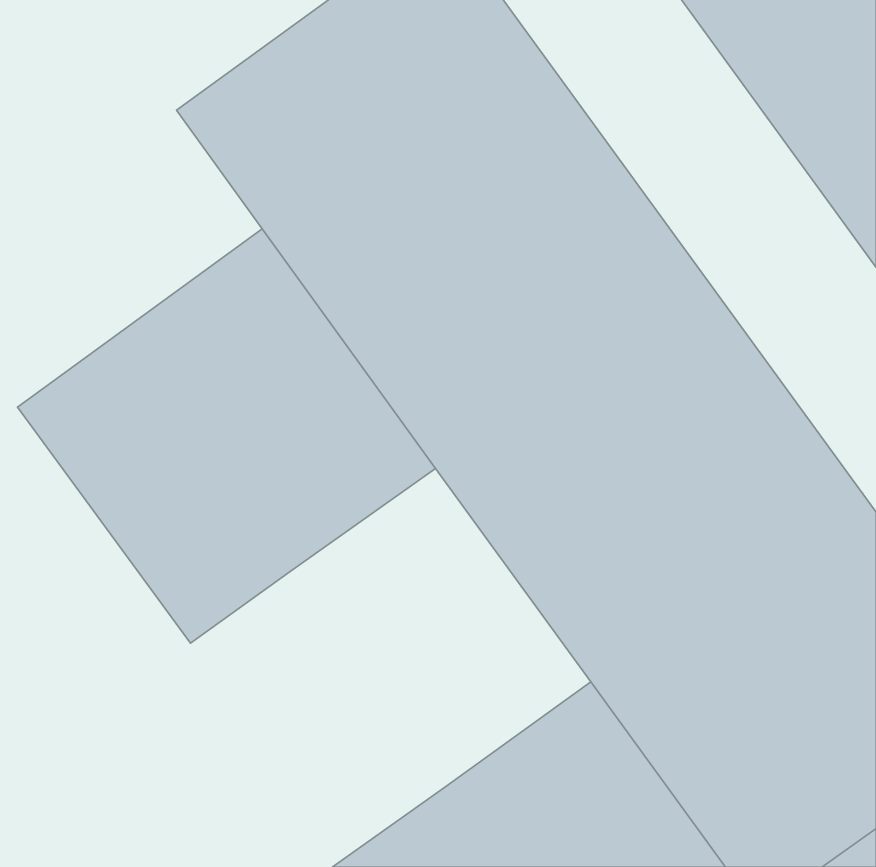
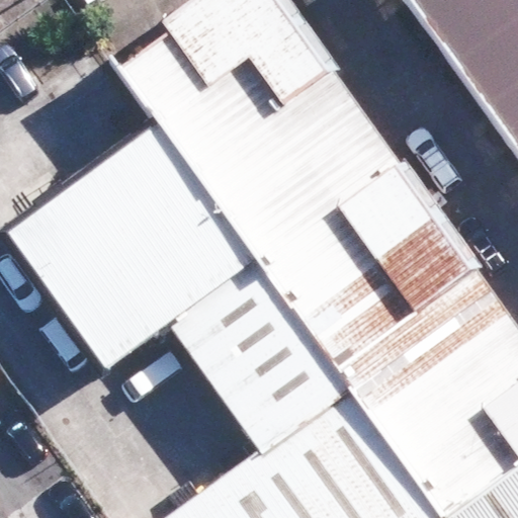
building: none -> [168,271,342,455]

